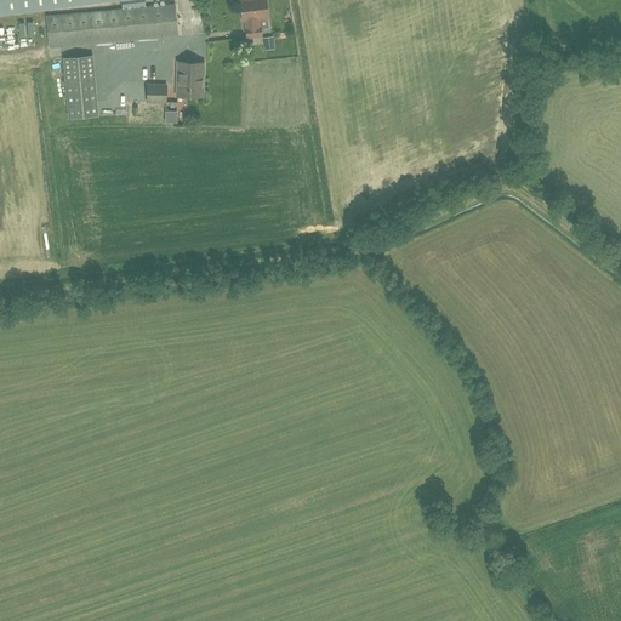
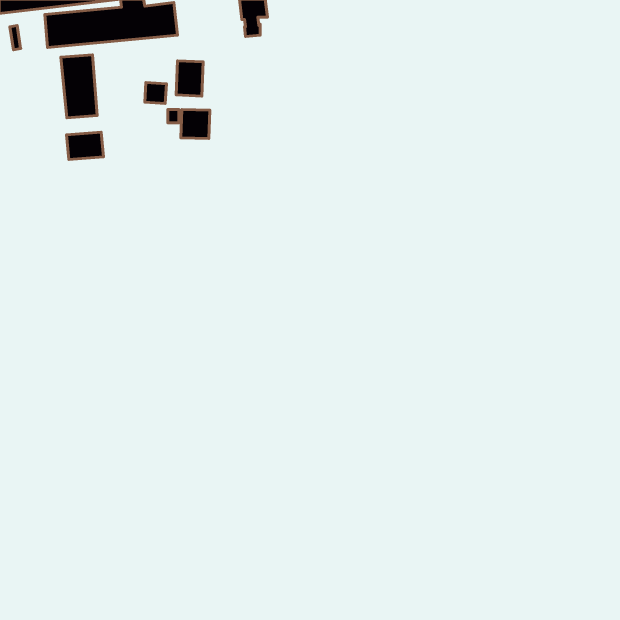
building: none -> [181,109,210,139]
building: none -> [67,132,104,159]

